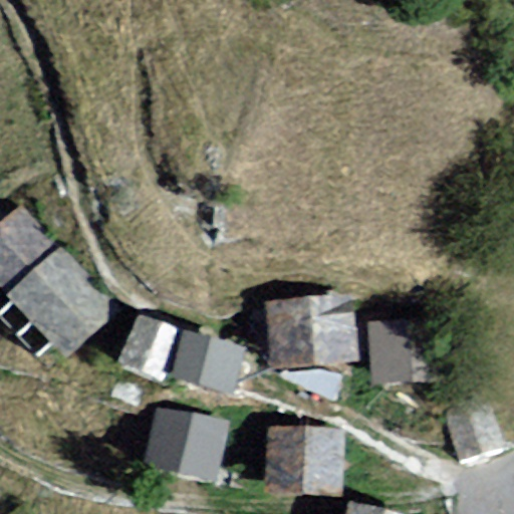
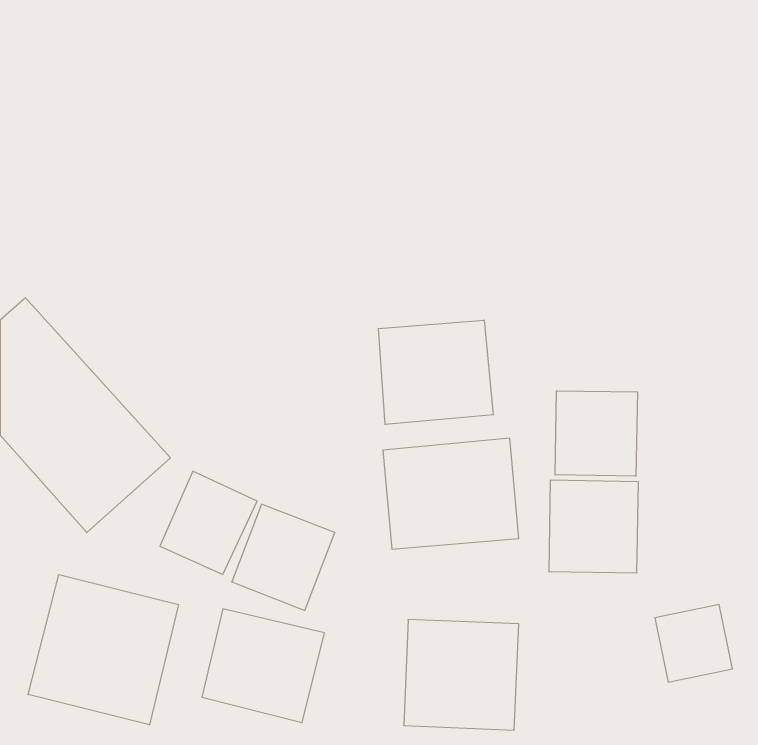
building: none -> [378,320,493,425]
building: none -> [555,391,637,476]
building: none -> [28,575,178,725]

